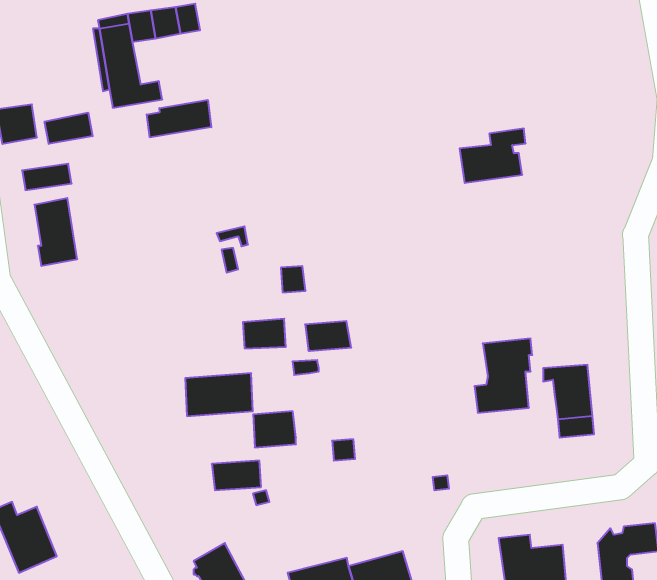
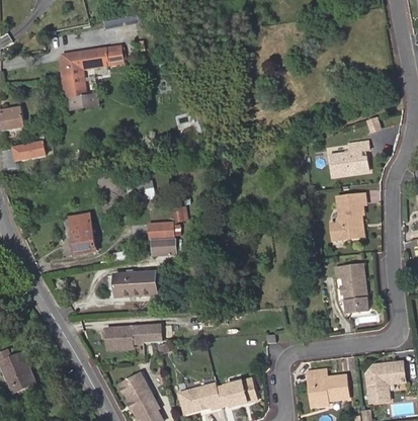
building: [147,100,211,137] -> none
building: [45,113,93,144] -> none
building: [460,129,526,183] -> [329,143,369,176]
building: [34,198,77,266] -> [70,214,96,255]
building: [305,321,351,351] -> [148,222,176,240]
building: [474,339,532,413] -> [330,194,365,240]
building: [253,411,296,447] -> [107,327,134,349]

